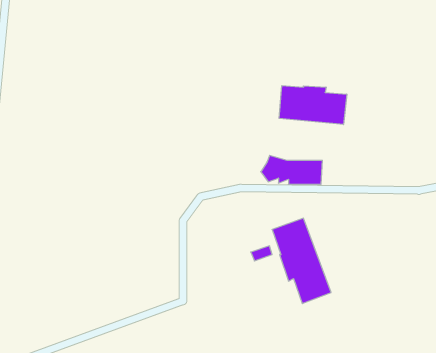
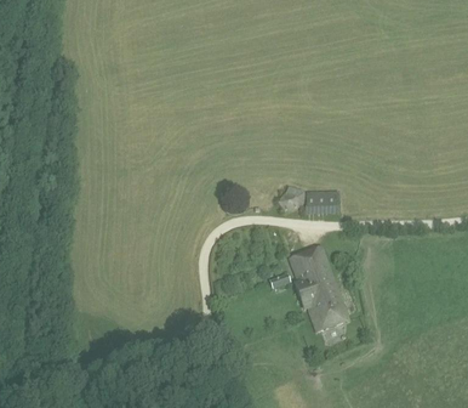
building: [279,86,347,125] -> none

